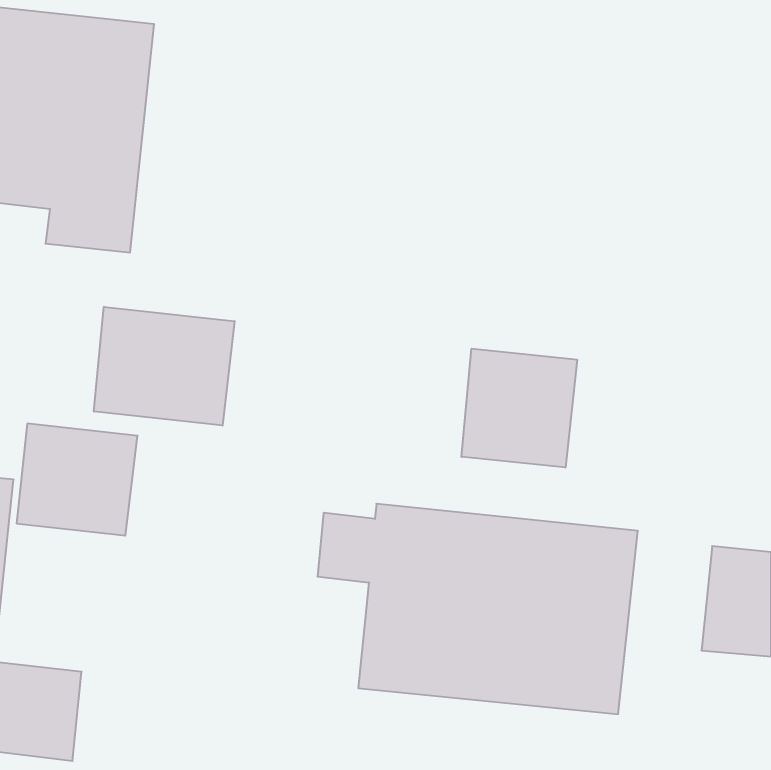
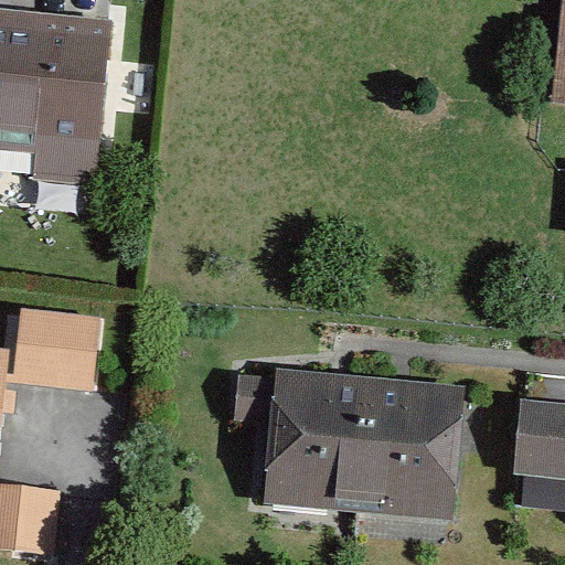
building: [94,307,235,426] -> none
building: [461,349,577,468] -> none

